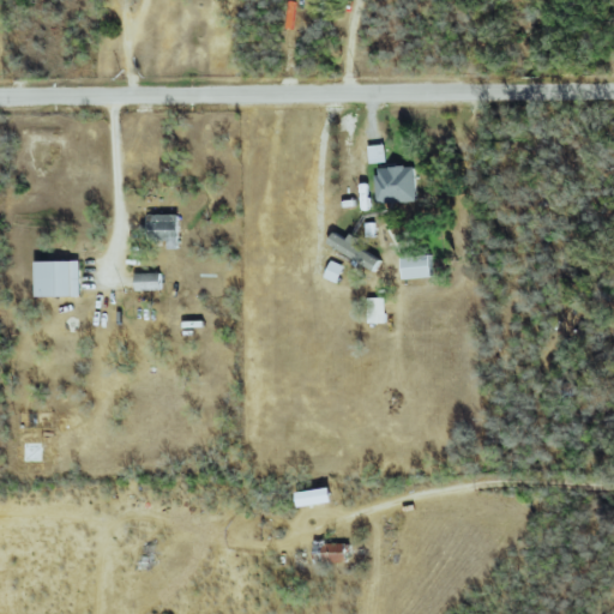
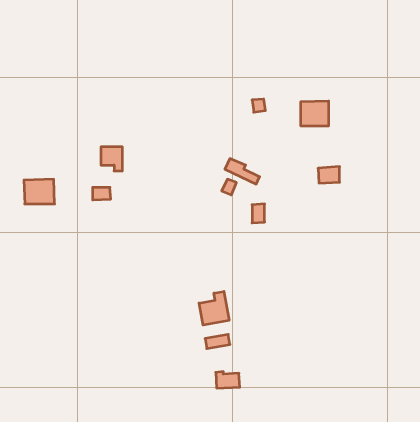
building: [374,165,415,201] -> [301,101,329,126]
building: [401,254,432,278] -> [318,167,340,183]
building: none -> [199,291,229,325]

